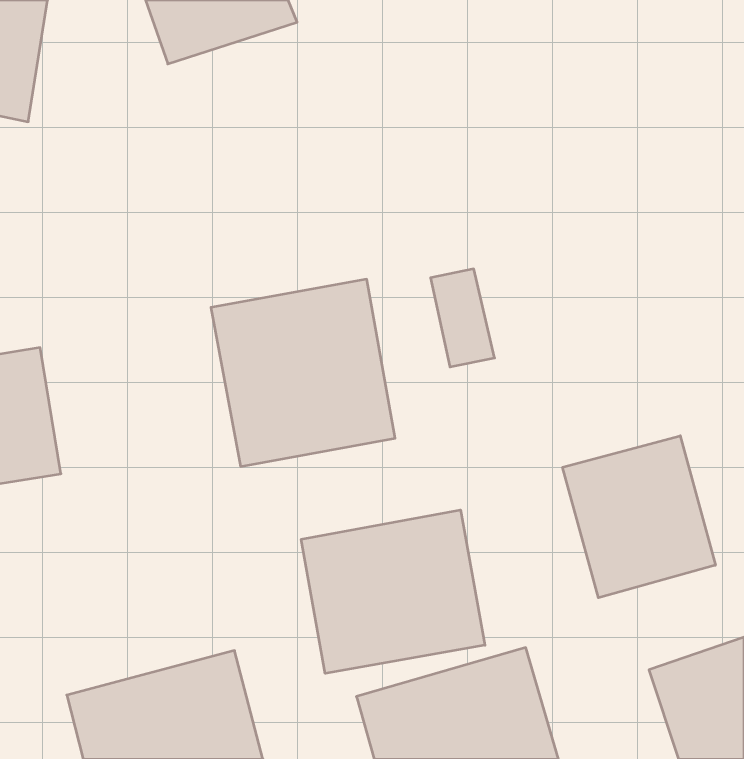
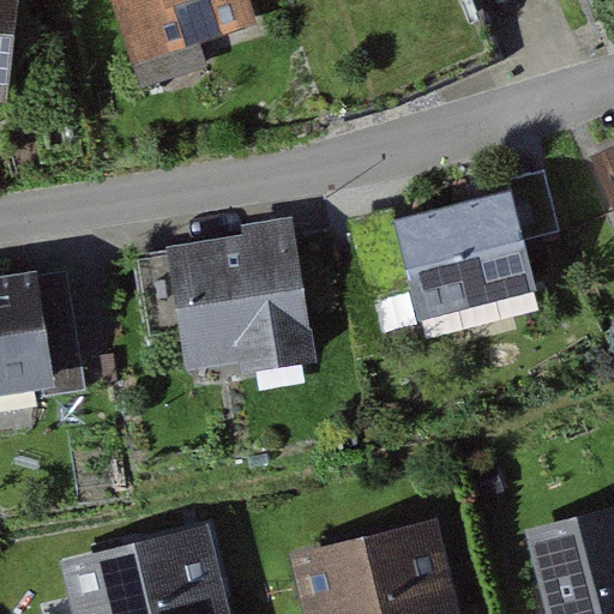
building: none -> [397,191,552,326]
building: [563,436,715,598] -> none
building: [301,510,485,673] -> none

